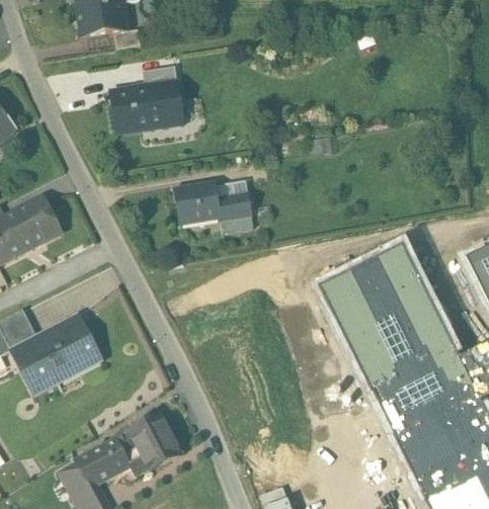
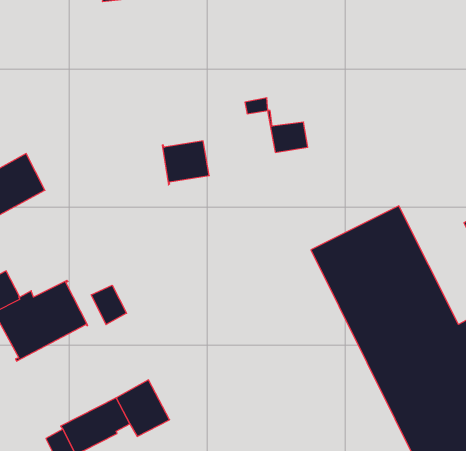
building: [111,64,183,130] -> none
building: [214,180,252,221] -> [268,111,308,152]
building: none -> [91,285,127,325]

